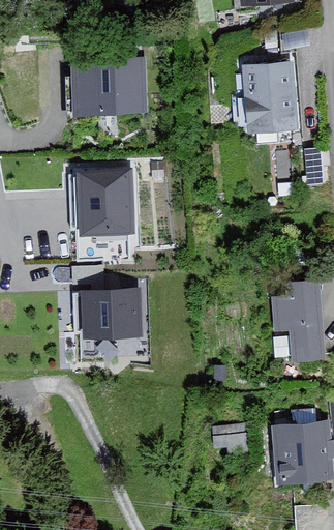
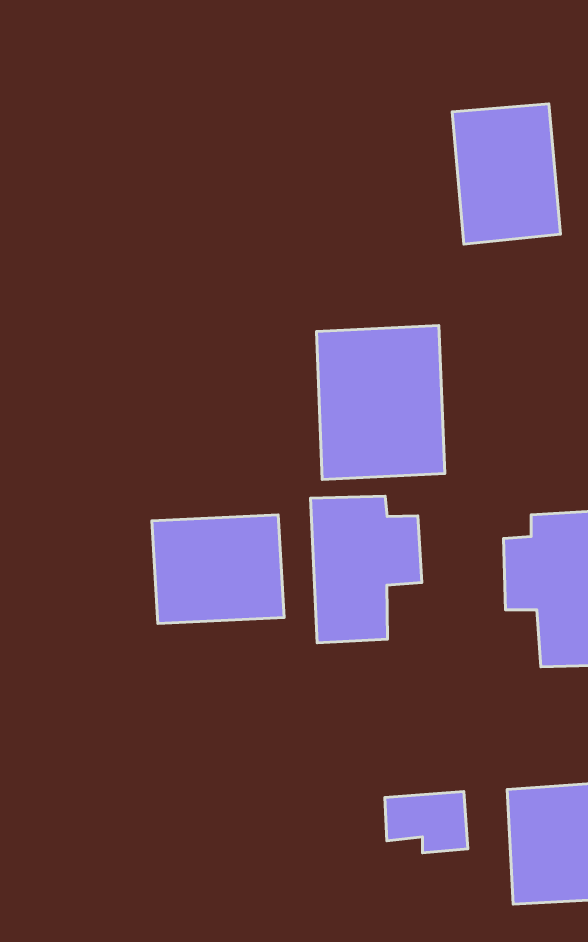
building: [77,61,148,121] -> none
building: [73,165,141,245] -> [316,325,445,480]
building: none -> [310,496,422,643]

